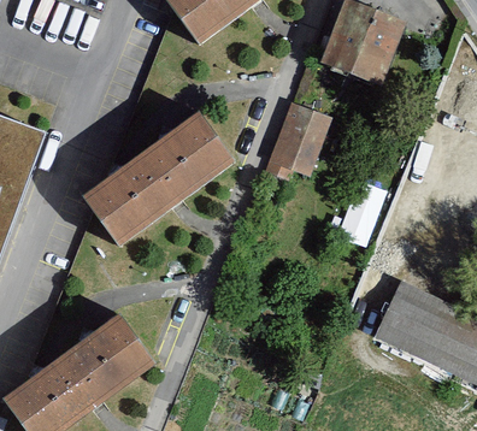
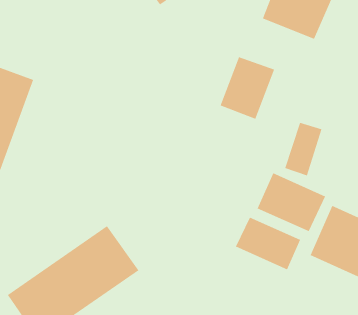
building: [78,112,236,250] -> none
building: none -> [257,172,326,232]
building: none -> [235,216,301,271]

